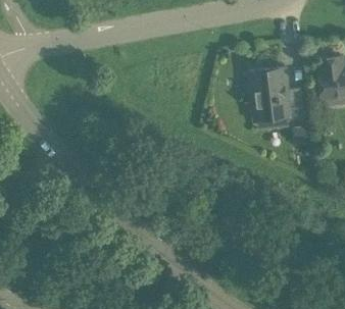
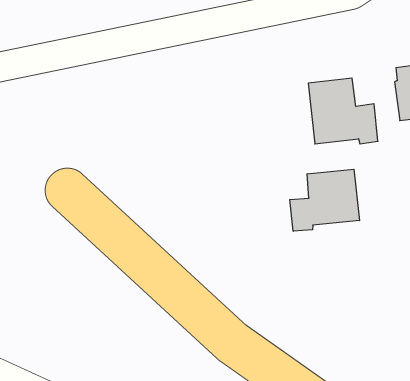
building: none -> [290,169,359,231]

